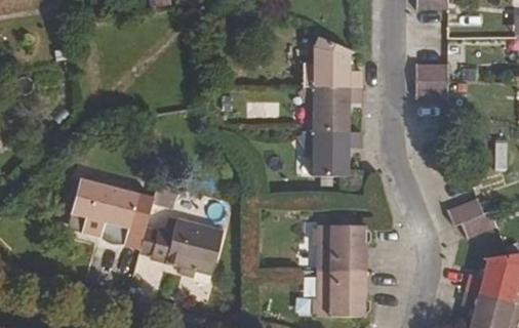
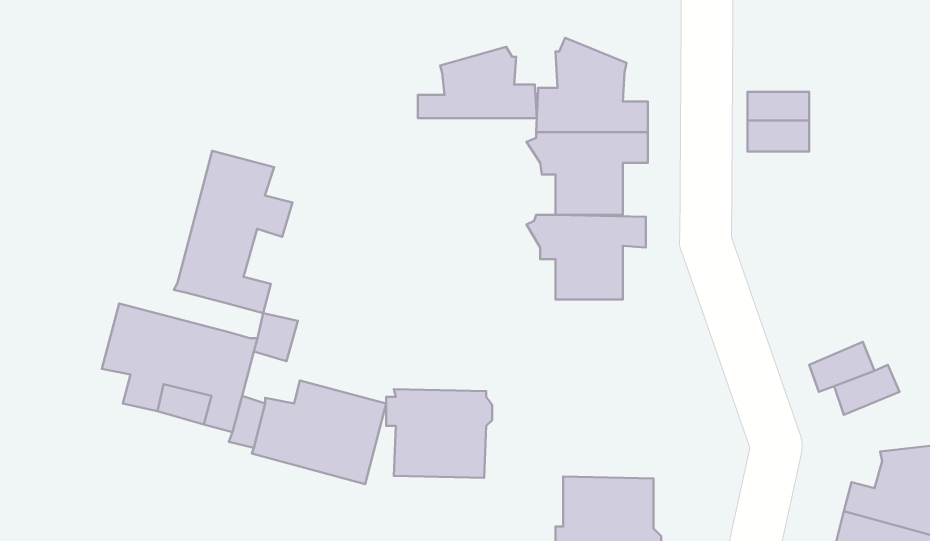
building: none -> [418,47,537,118]
building: none -> [174,151,292,313]
building: [313,224,369,272] -> [386,389,492,478]

